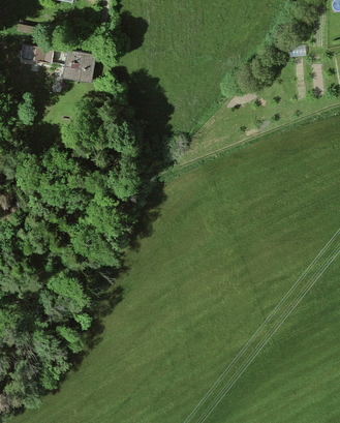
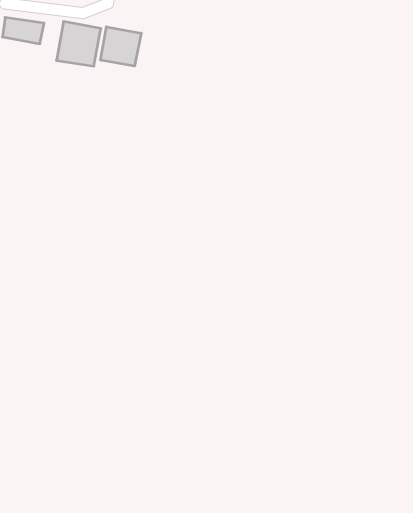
building: none -> [101,27,141,66]

